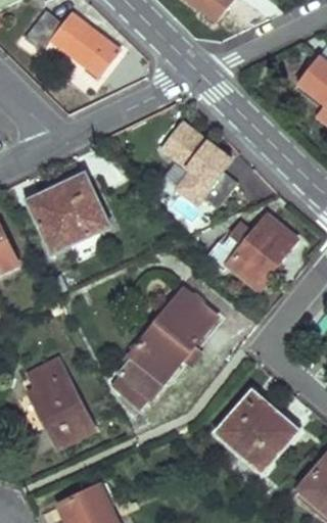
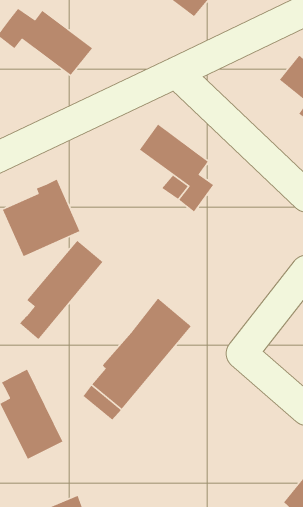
building: [205,213,295,287] -> none
building: none -> [19,240,103,340]
building: [217,395,294,470] -> none

